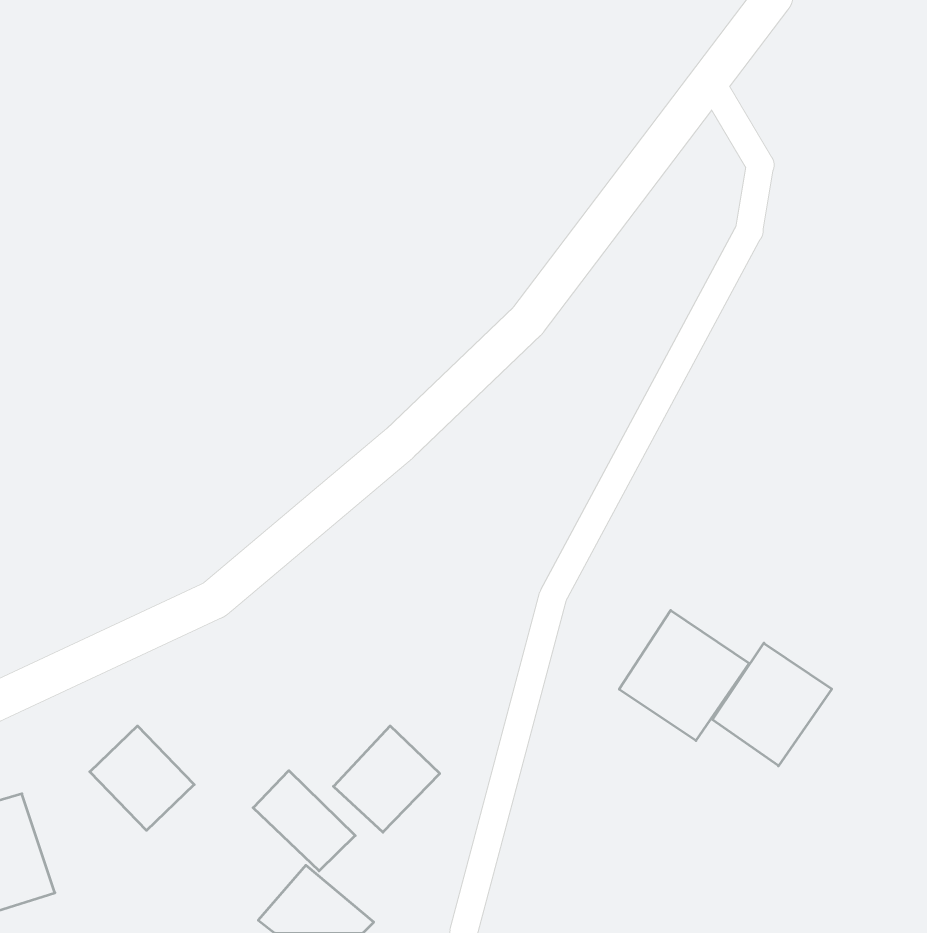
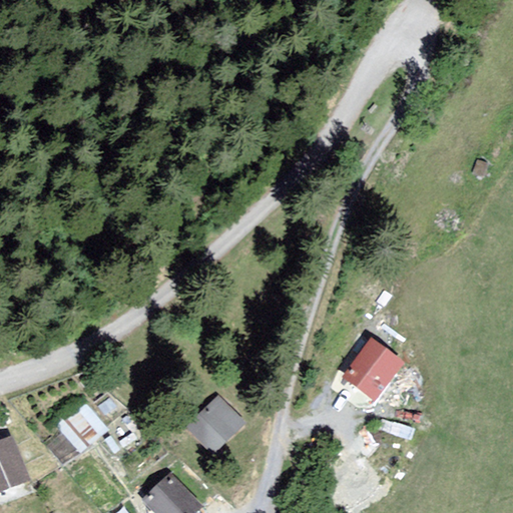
building: [713,643,832,766] -> none
building: [253,771,355,871] -> none

